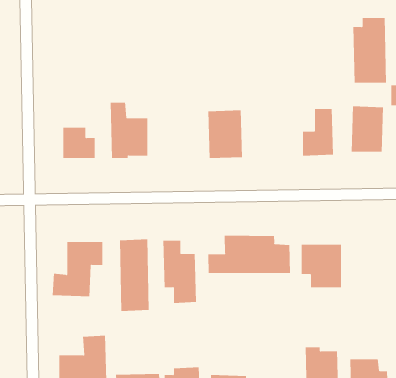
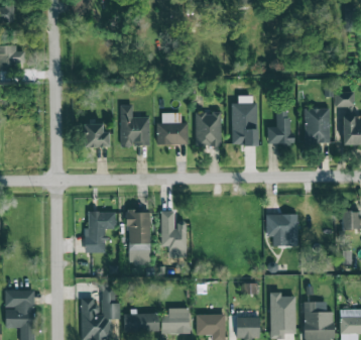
building: [353,17,387,83] -> [231,96,257,146]
building: none -> [156,113,189,146]
building: [208,235,291,274] -> none

